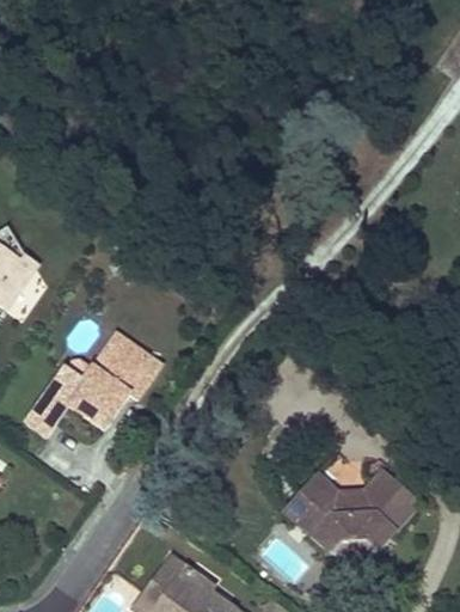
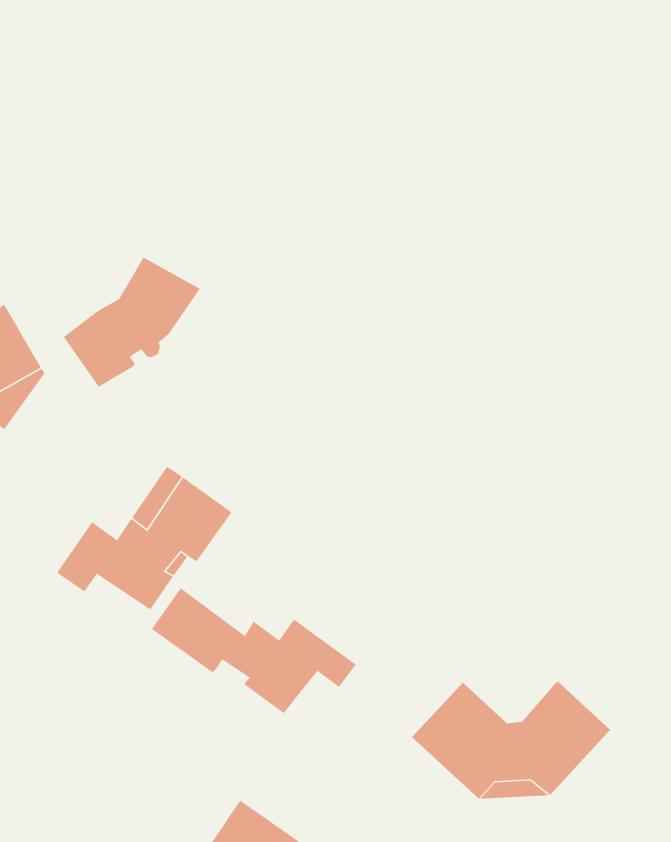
building: none -> [63,256,201,388]
building: none -> [151,587,357,714]

